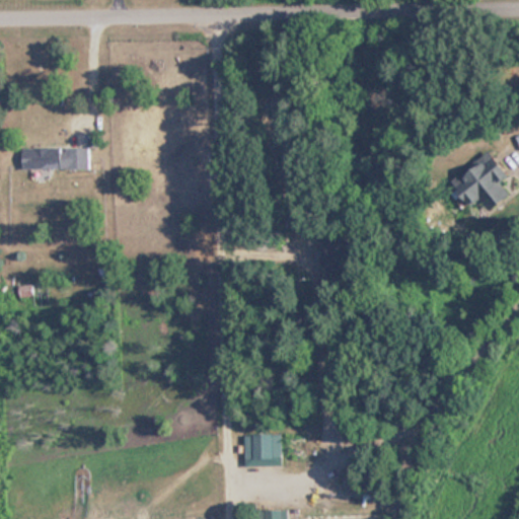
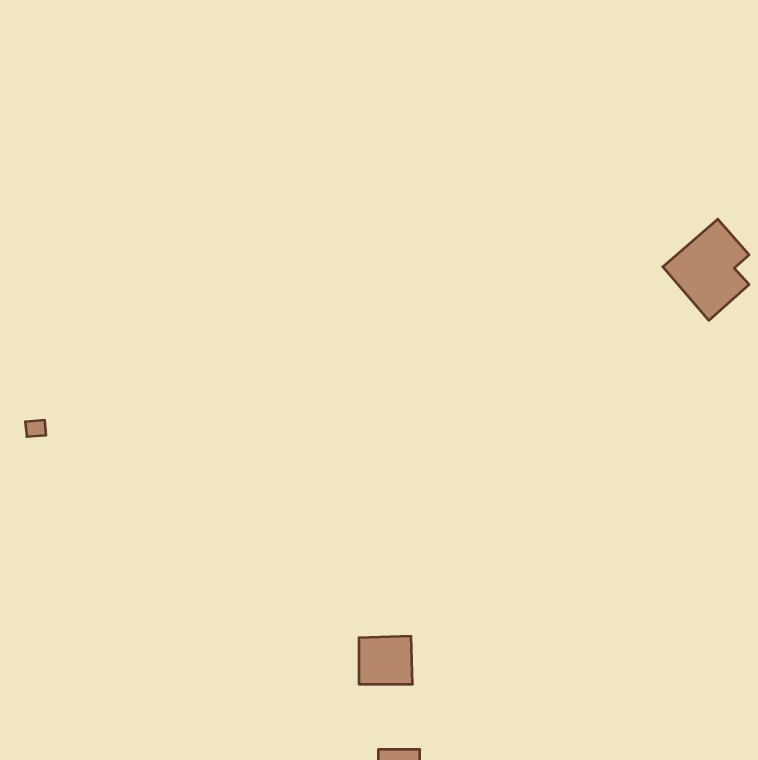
building: [21,148,88,170] -> none

